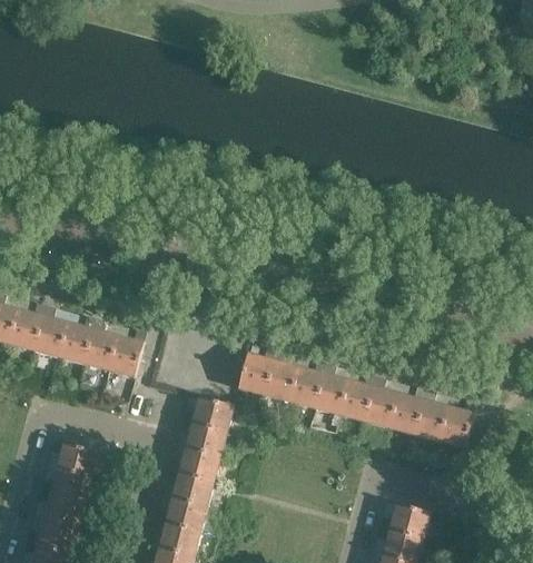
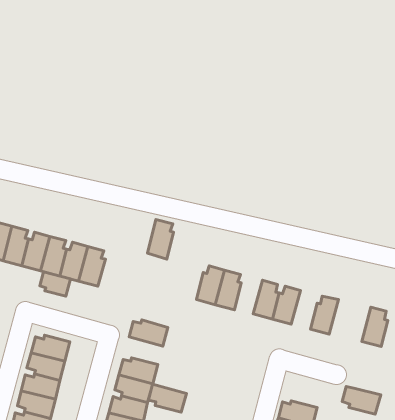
building: [240,344,275,396] -> [147,219,174,259]
building: none -> [40,272,70,296]
building: [316,365,353,415] -> none
building: [391,384,425,435] -> none
building: [185,395,236,433] -> none
building: [441,396,475,448] -> [362,307,388,347]
building: [171,445,221,482] -> [148,384,186,412]
building: [382,502,433,539] -> [342,386,381,414]

